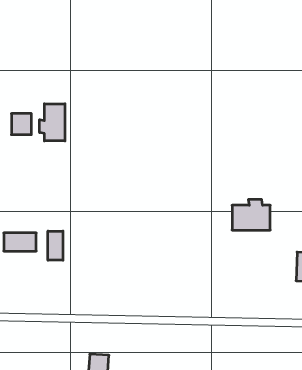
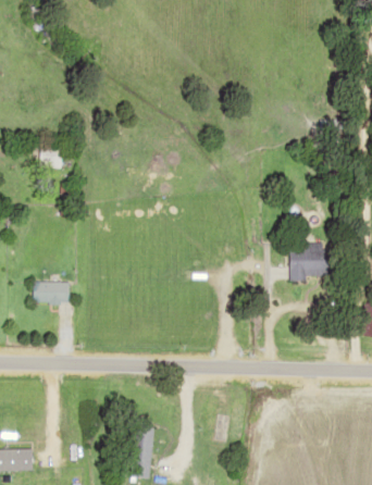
building: [40,104,65,141] -> none
building: [48,231,63,260] -> none

